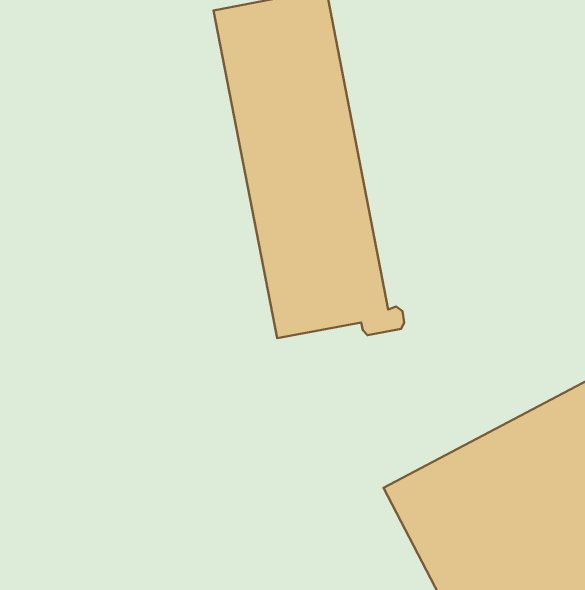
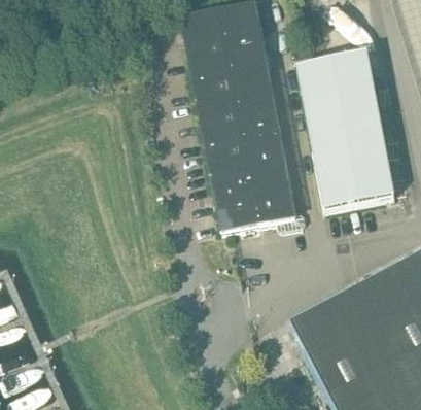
building: none -> [296,49,393,205]

